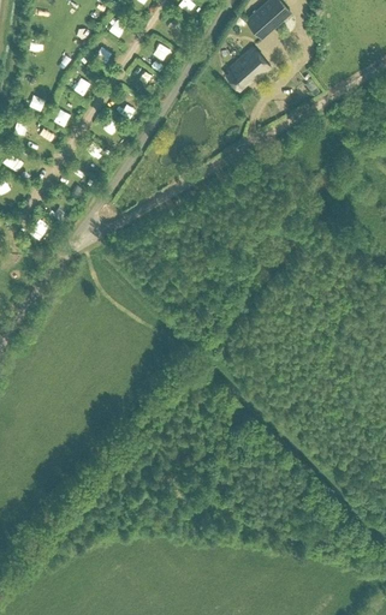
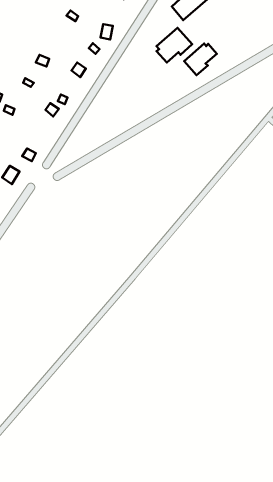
building: none -> [184,43,217,75]

